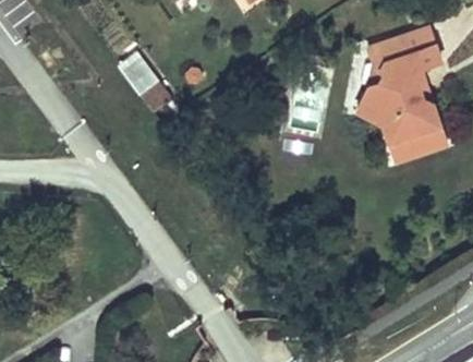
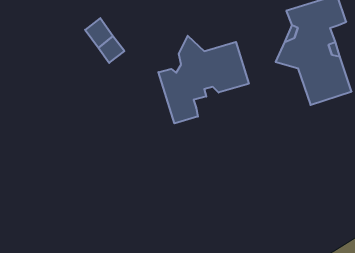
building: none -> [158,36,249,123]

